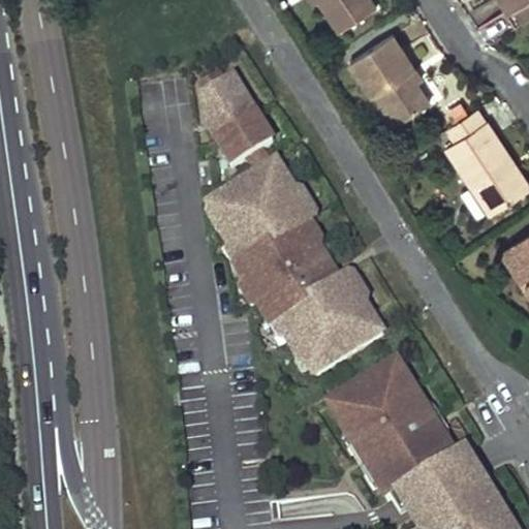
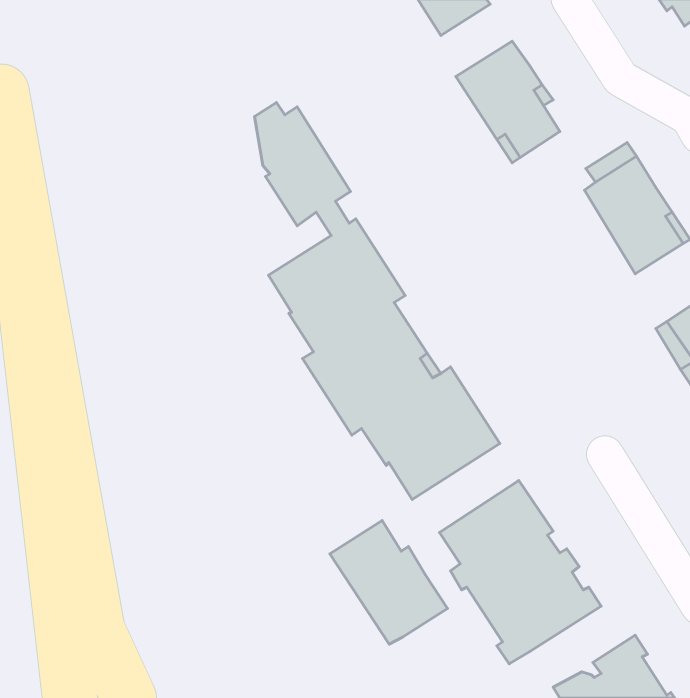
building: none -> [330,520,448,644]
building: [407,452,487,519] -> none

